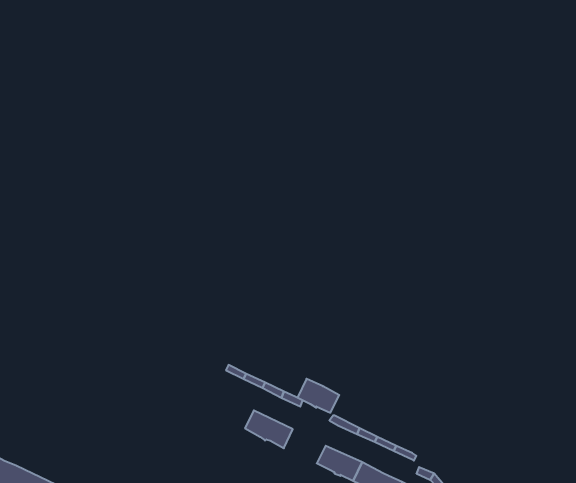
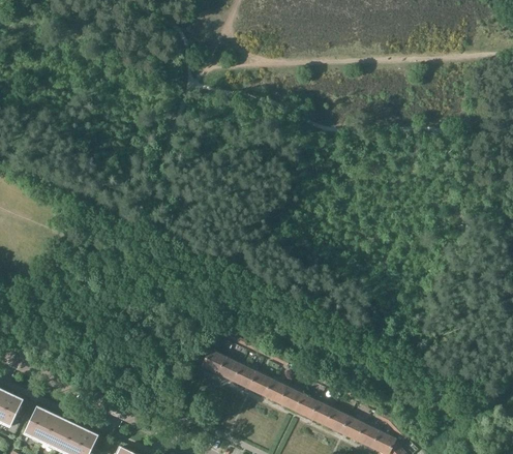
building: [298,379,339,413] -> [262,379,296,406]
building: none -> [198,346,237,377]

